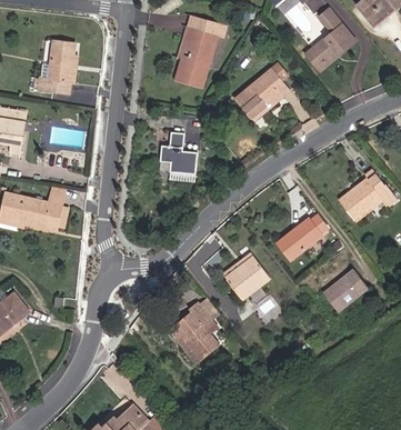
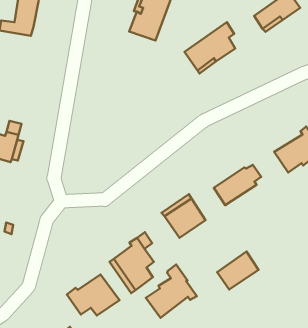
building: [159,132,197,173] -> none
building: [323,269,368,311] -> [217,252,258,290]
building: none -> [146,265,197,318]
building: none -> [67,275,120,316]

